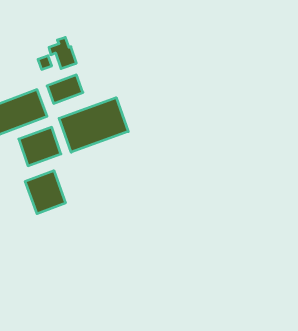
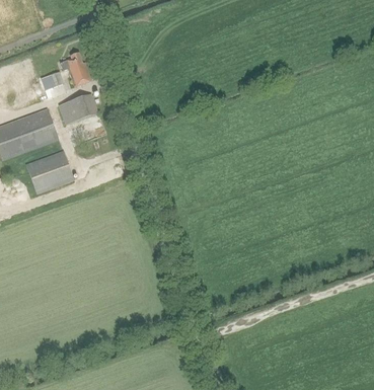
building: [59,98,128,152] -> none
building: [25,171,65,214] -> none

